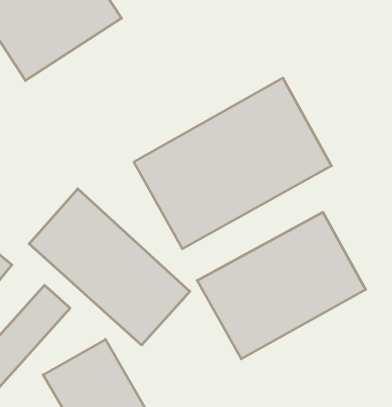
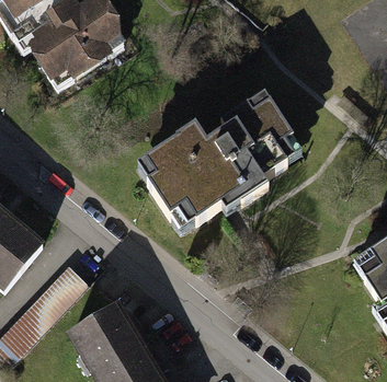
building: [29,189,190,345] -> none
building: [197,212,366,359] -> none

